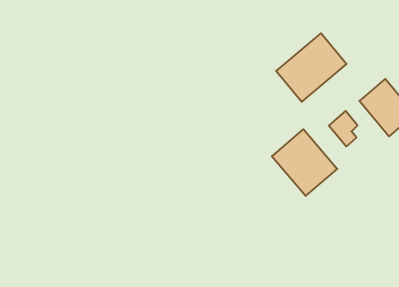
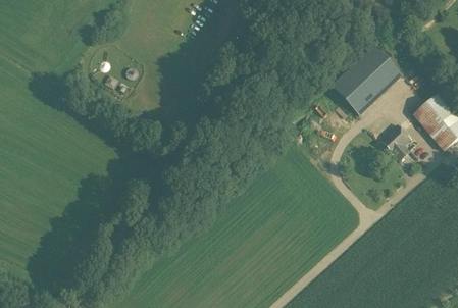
building: [272,129,337,196] -> none

